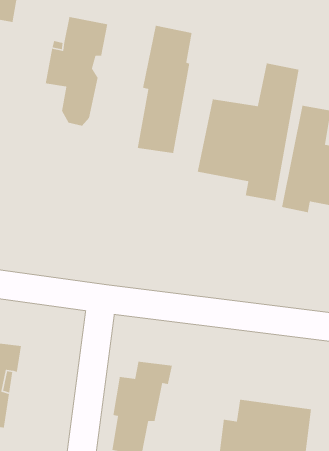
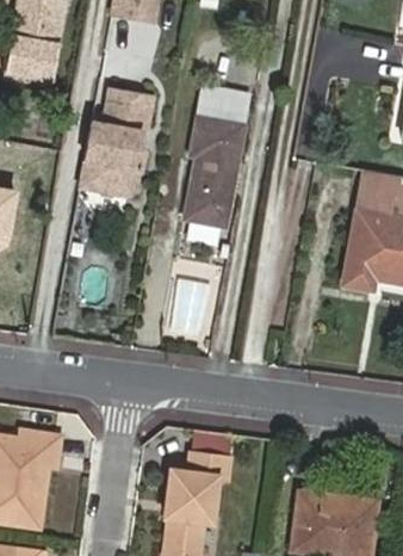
building: [197,62,300,201] -> none

